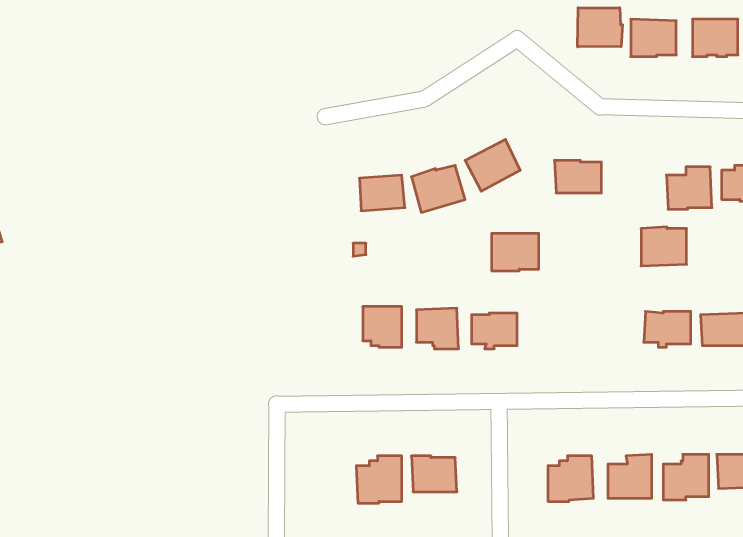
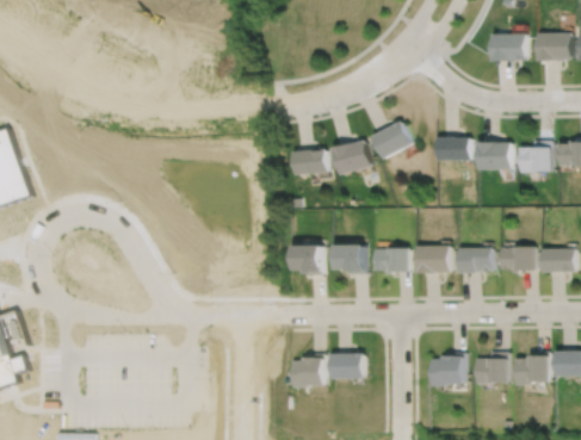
building: [578,8,622,47] -> none
building: [641,227,687,266] -> [477,141,511,169]
building: [492,233,539,271] -> [416,246,451,273]
building: none -> [459,248,493,273]

